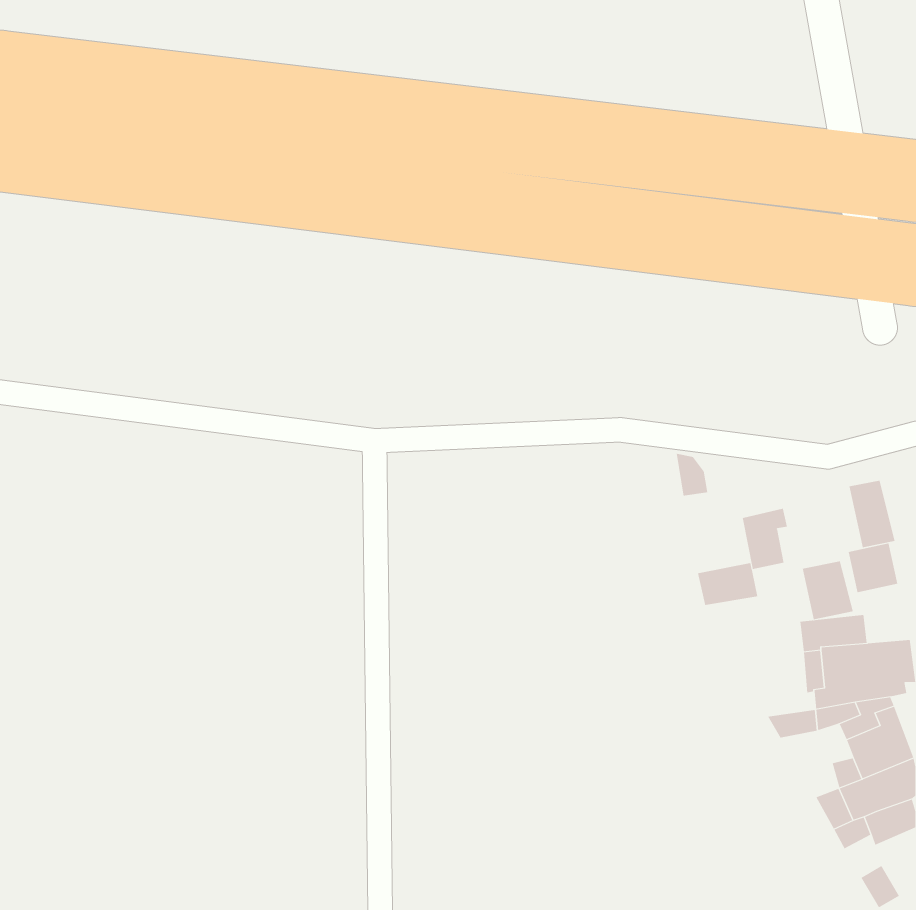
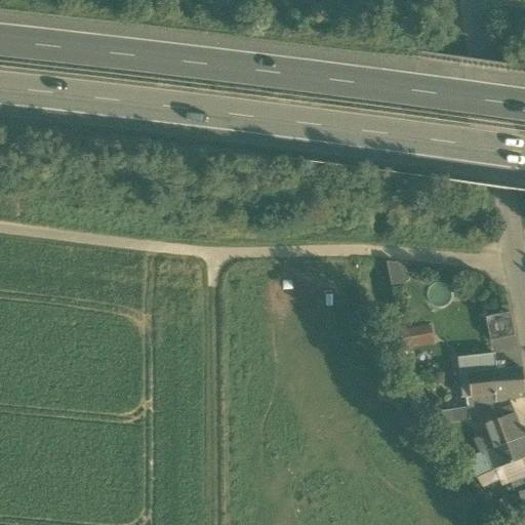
building: [849,480,895,548] -> none
building: [742,508,788,570] -> none
building: [802,561,853,620] -> none

